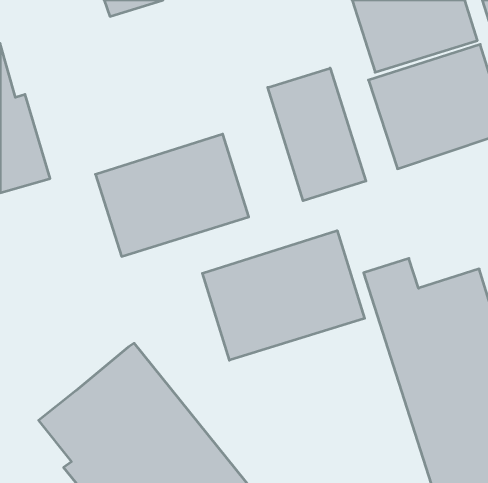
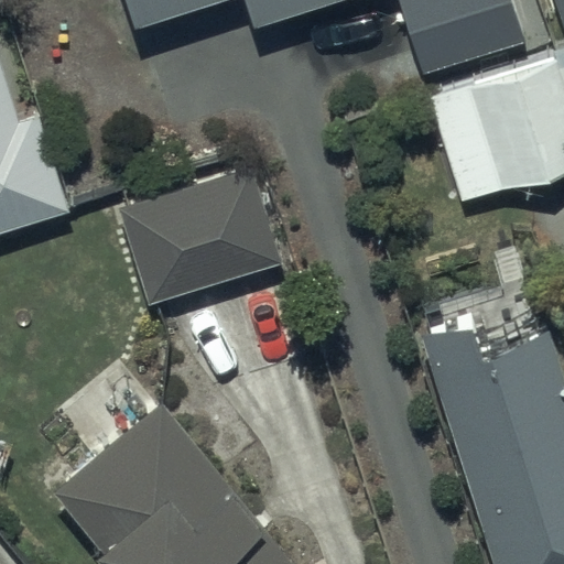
building: [268,68,366,201] -> none
building: [202,231,365,360] -> none

